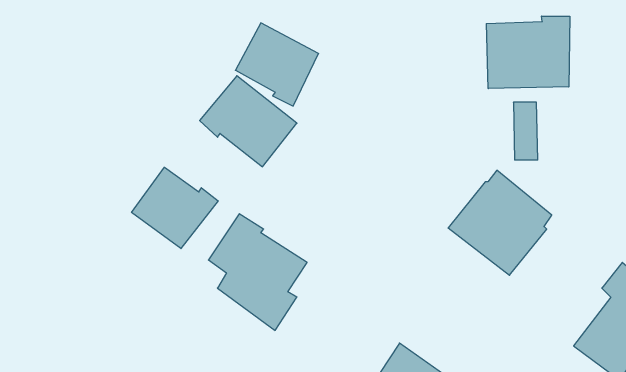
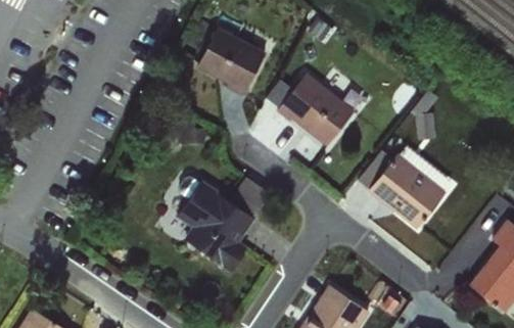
building: [486,16,570,89] -> none
building: [200,76,297,167] -> [276,74,354,146]
building: [132,167,218,249] -> none

